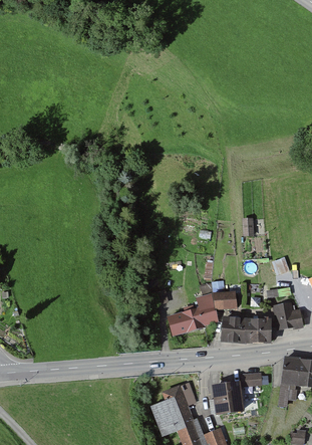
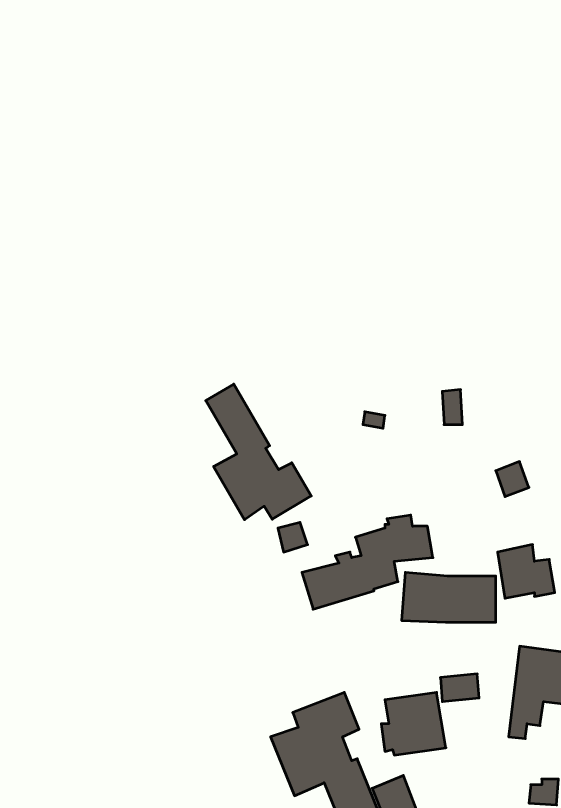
building: none -> [206,384,311,520]

